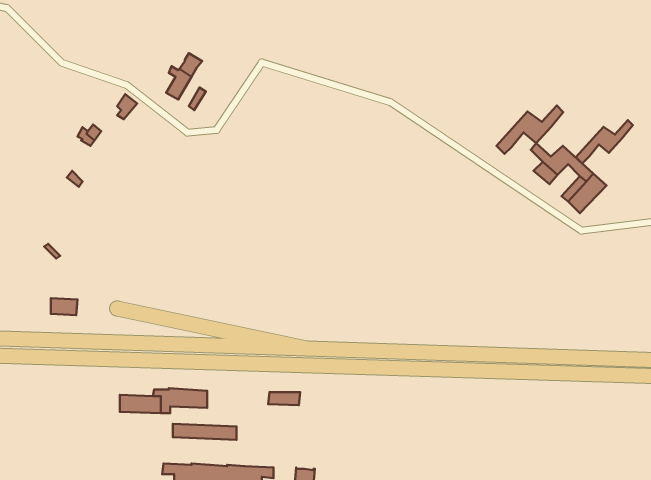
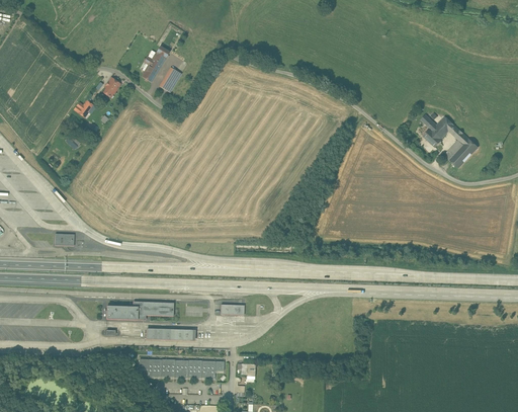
building: [496,105,563,154] -> none
building: [576,120,633,163] -> none

